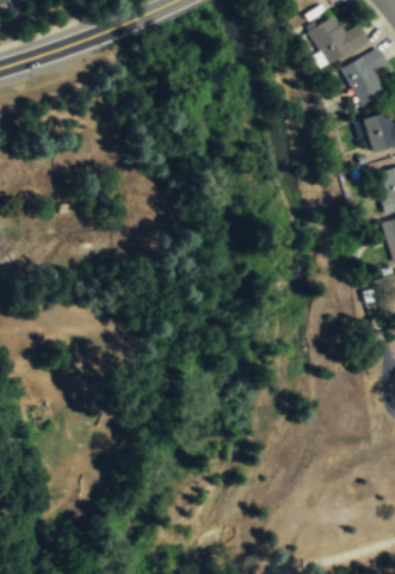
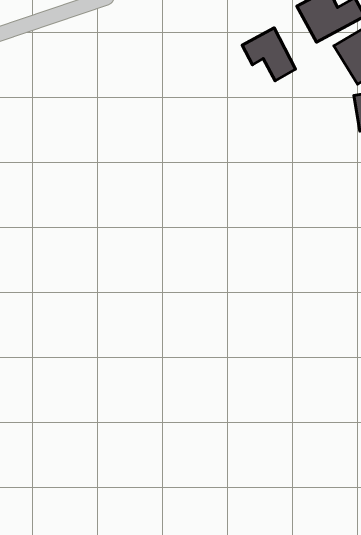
building: none -> [242,28,296,81]

